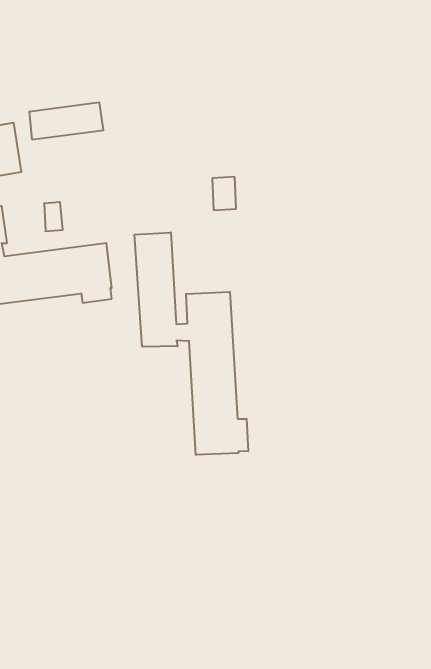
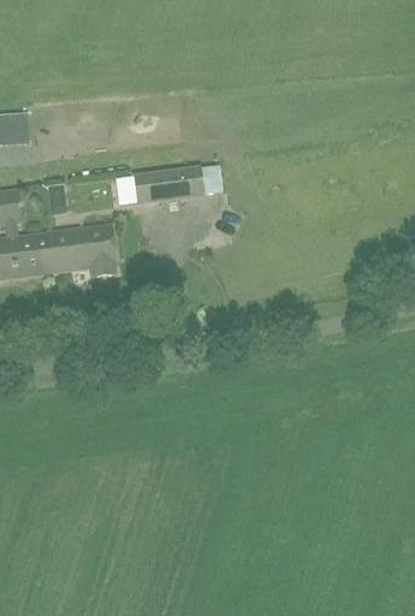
building: [29,102,103,139] -> [135,167,202,201]
building: [135,232,248,455] -> none

